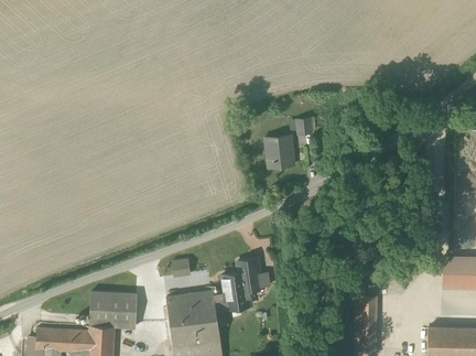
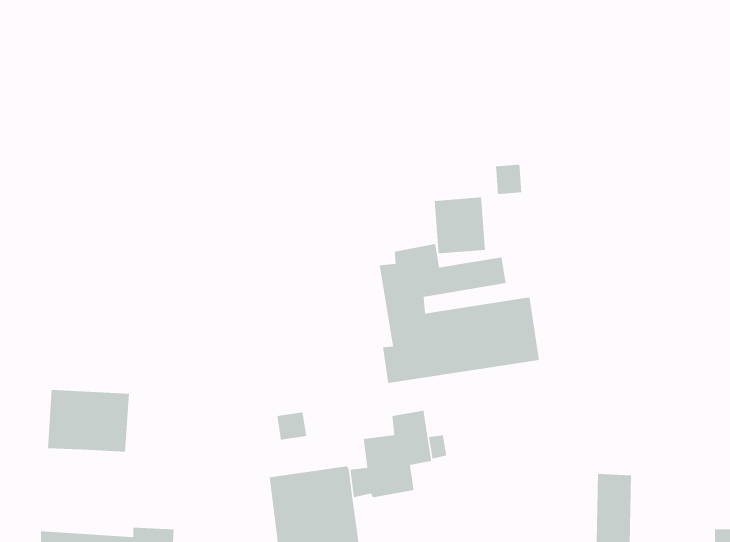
building: none -> [379,243,540,384]
building: [90,291,138,327] -> [47,389,130,453]

